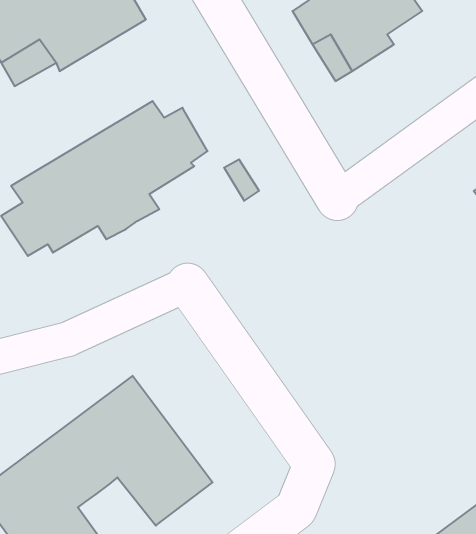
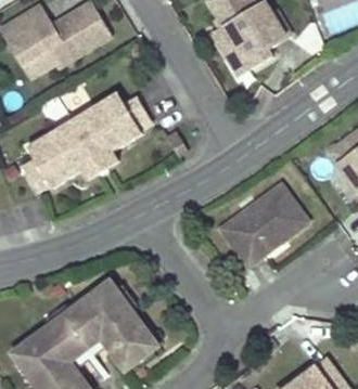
building: none -> [213,178,307,267]

